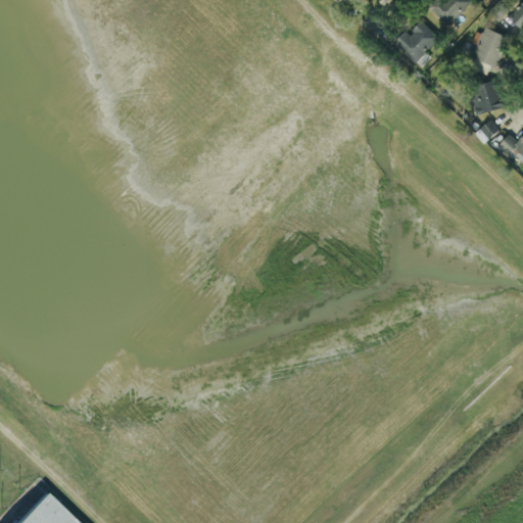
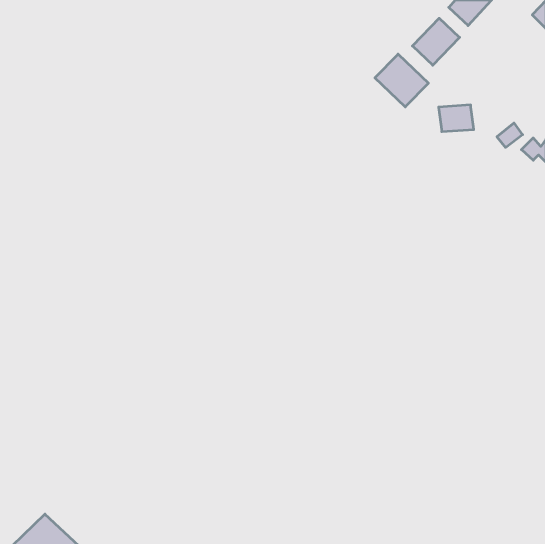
building: [473,27,512,68] -> none
building: none -> [375,54,428,107]
building: [471,87,505,112] -> [439,105,474,132]

